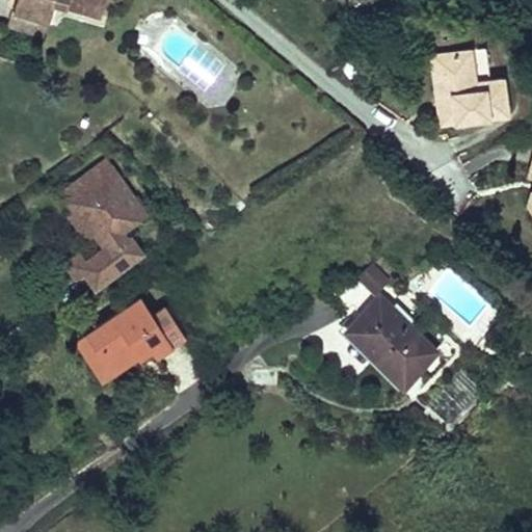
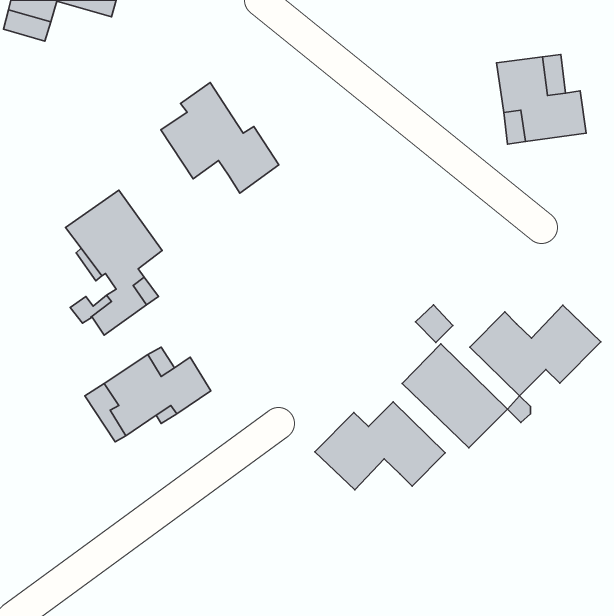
building: none -> [161,82,279,193]
building: none -> [470,305,601,396]
building: none -> [315,402,445,490]

